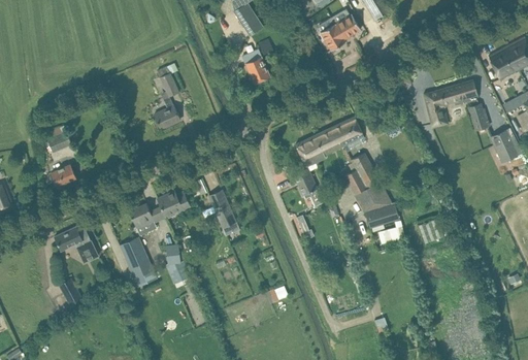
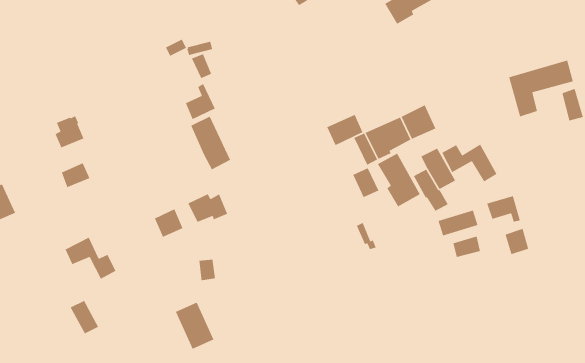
building: [242,50,269,84] -> none
building: none -> [326,114,364,146]
building: none -> [190,116,231,171]
building: none -> [441,144,498,183]
building: none -> [377,153,421,207]
building: [208,191,236,228] -> none
building: none -> [486,195,521,222]
building: [120,237,153,277] -> [175,302,214,350]

